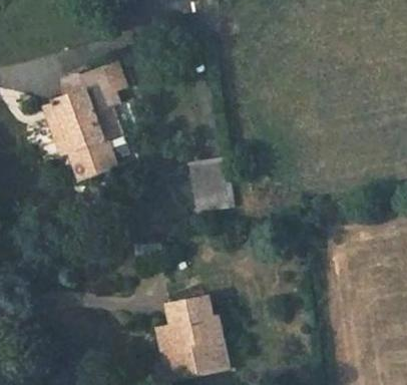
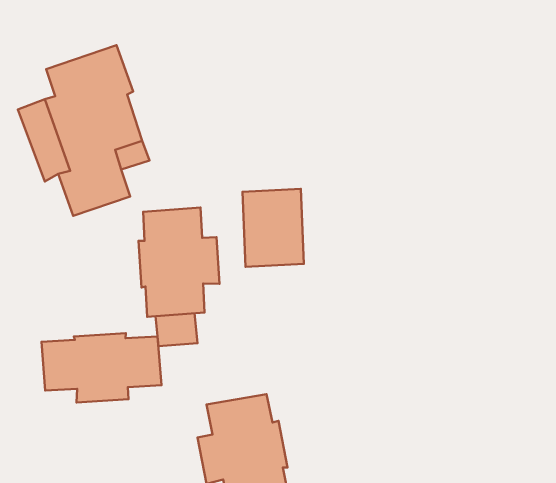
building: none -> [139,207,219,317]
building: none -> [41,333,161,403]

